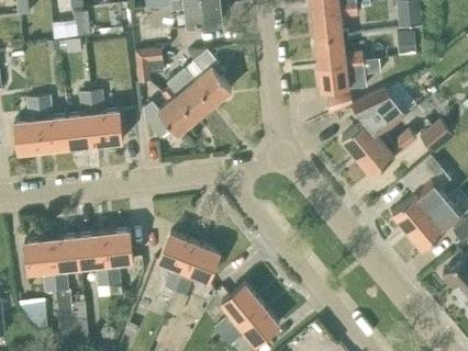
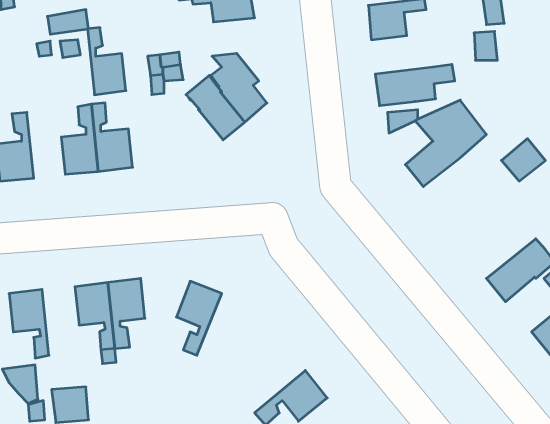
building: [314,36,364,67] -> none
building: [144,87,196,137] -> none
building: [38,97,69,150] -> [88,28,126,95]
building: [356,129,416,174] -> none
building: [392,156,450,230] -> none
building: [51,237,80,292] -> none
building: [175,242,220,296] -> none
building: [214,283,261,338] -> none

